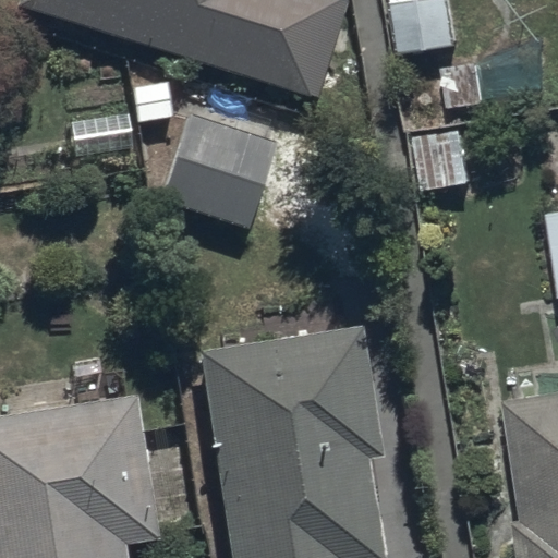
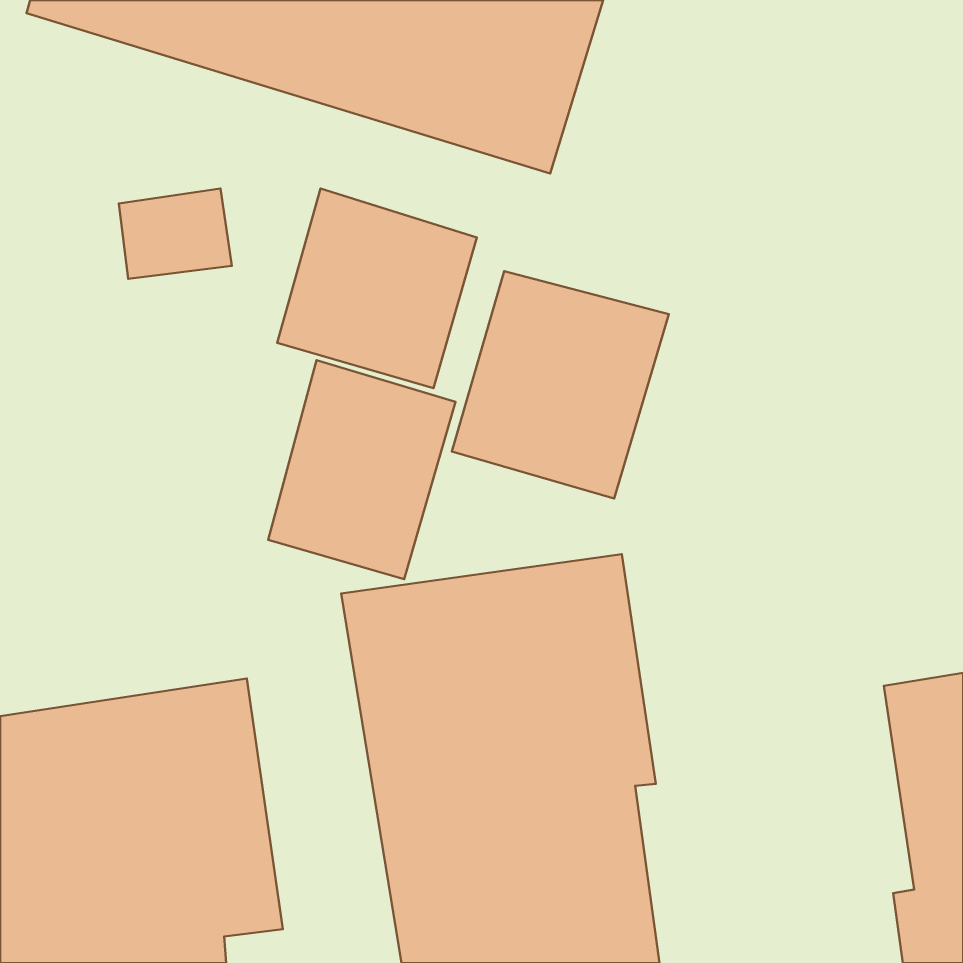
building: none -> [452,271,669,498]
building: none -> [268,360,456,579]

